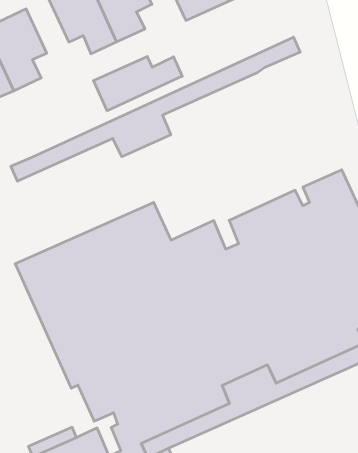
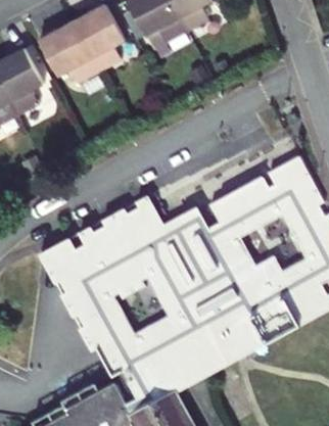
building: [11,37,300,181] -> none
building: [93,56,182,111] -> none

